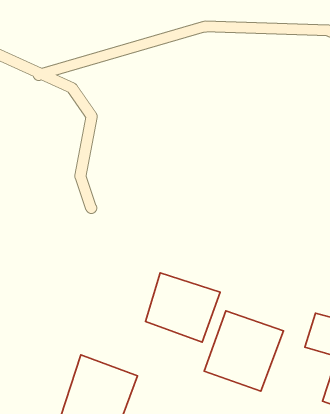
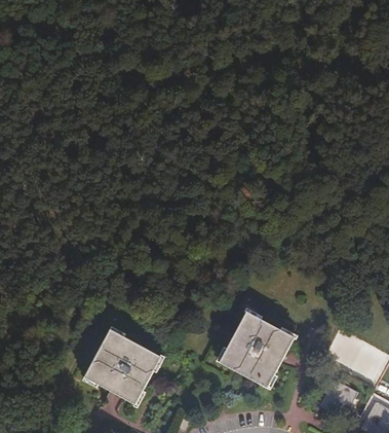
building: [145,273,220,342] -> none

